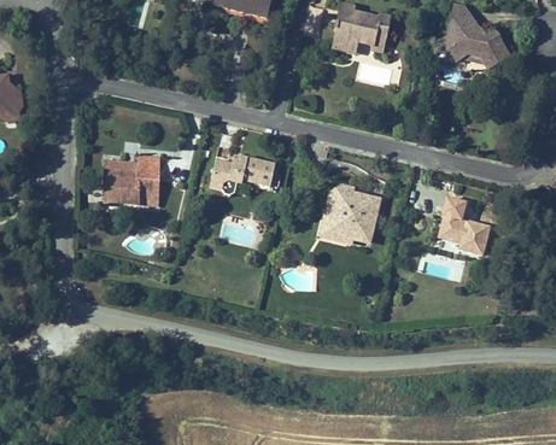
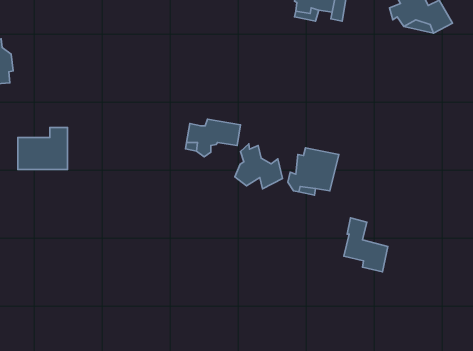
building: [103,154,157,200] -> [18,128,67,169]
building: none -> [235,144,282,189]
building: [439,194,487,253] -> [344,218,388,272]

